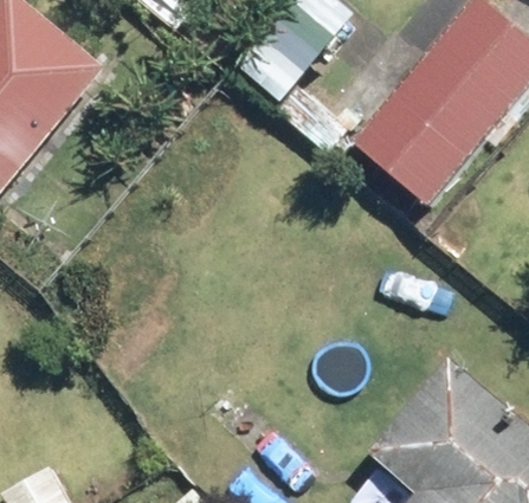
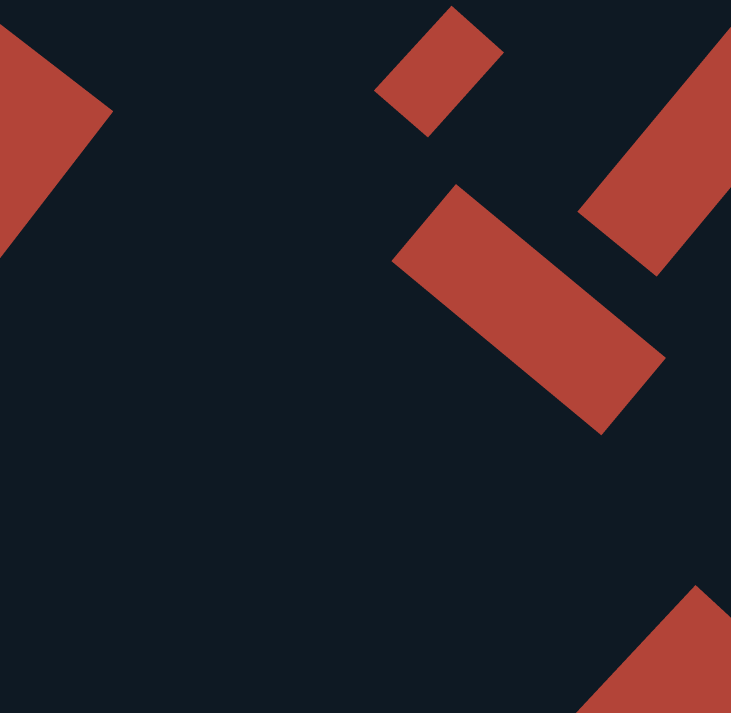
building: none -> [390,183,667,436]

